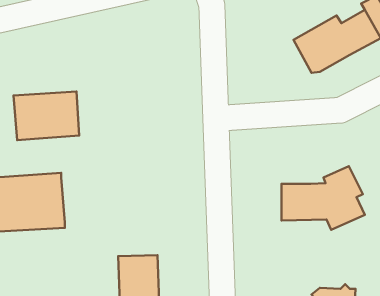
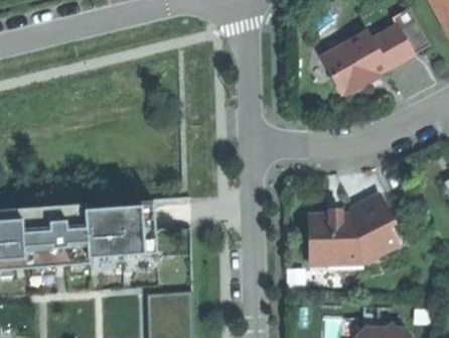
building: [14,92,79,140] -> [80,203,150,255]

